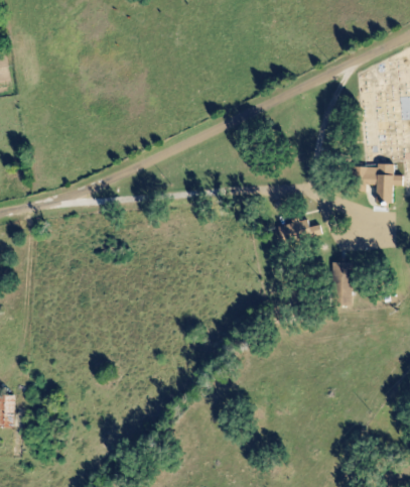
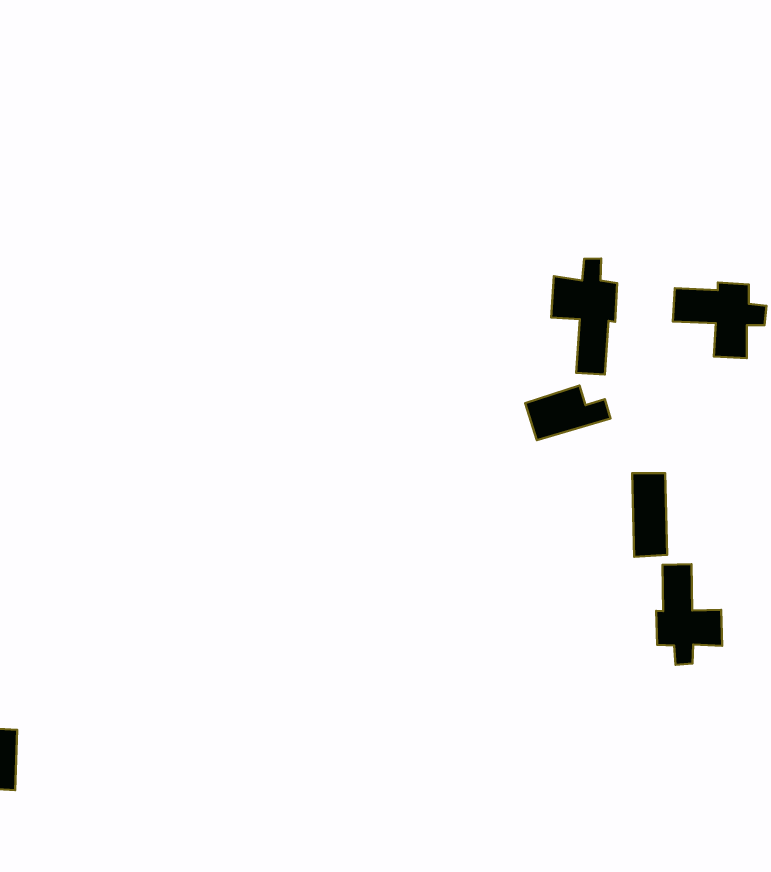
building: none -> [551,259,617,374]
building: none -> [656,564,722,665]

